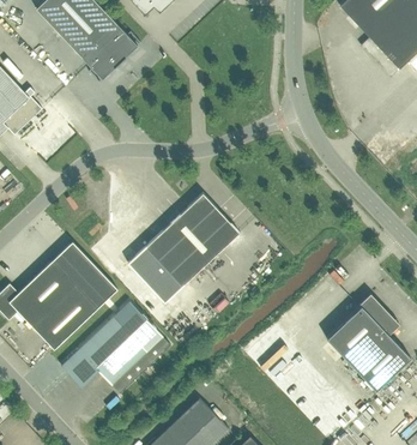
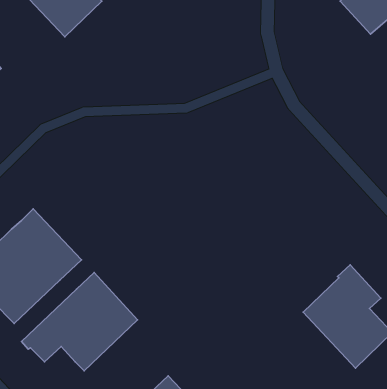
building: [127,193,238,302] -> none

